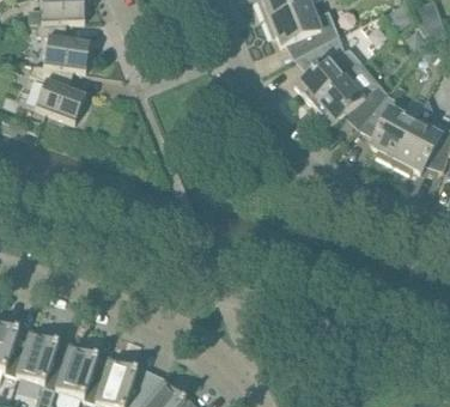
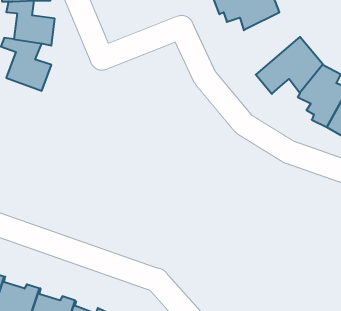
building: [296,35,363,104] -> none

